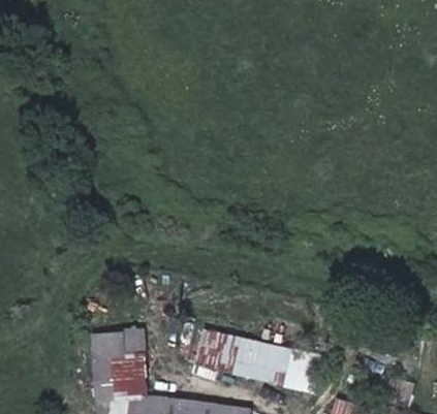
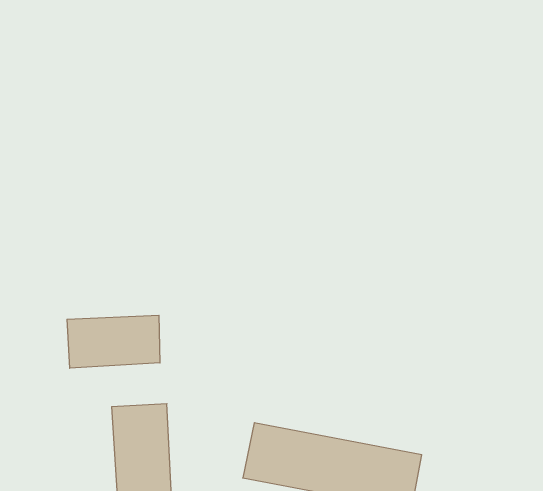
building: none -> [67,315,160,368]

